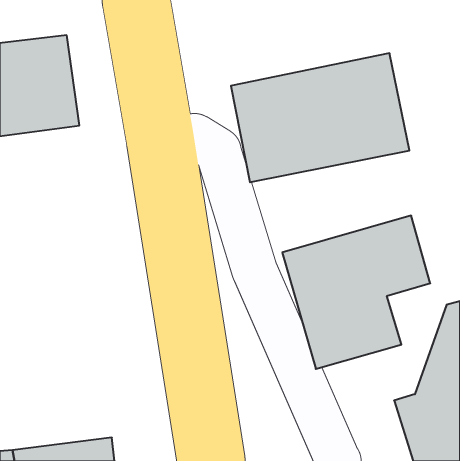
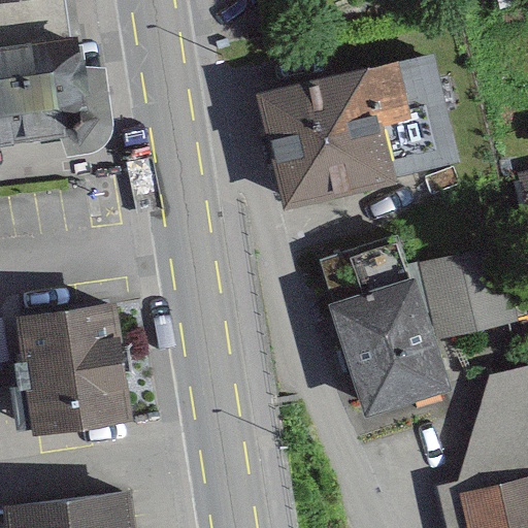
building: none -> [18,307,130,431]

